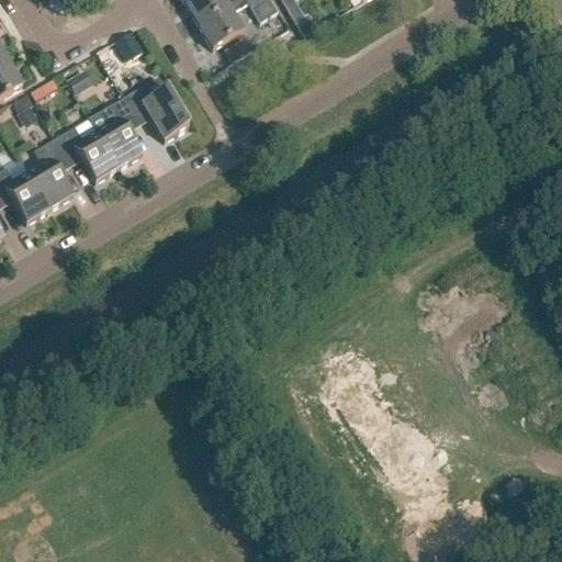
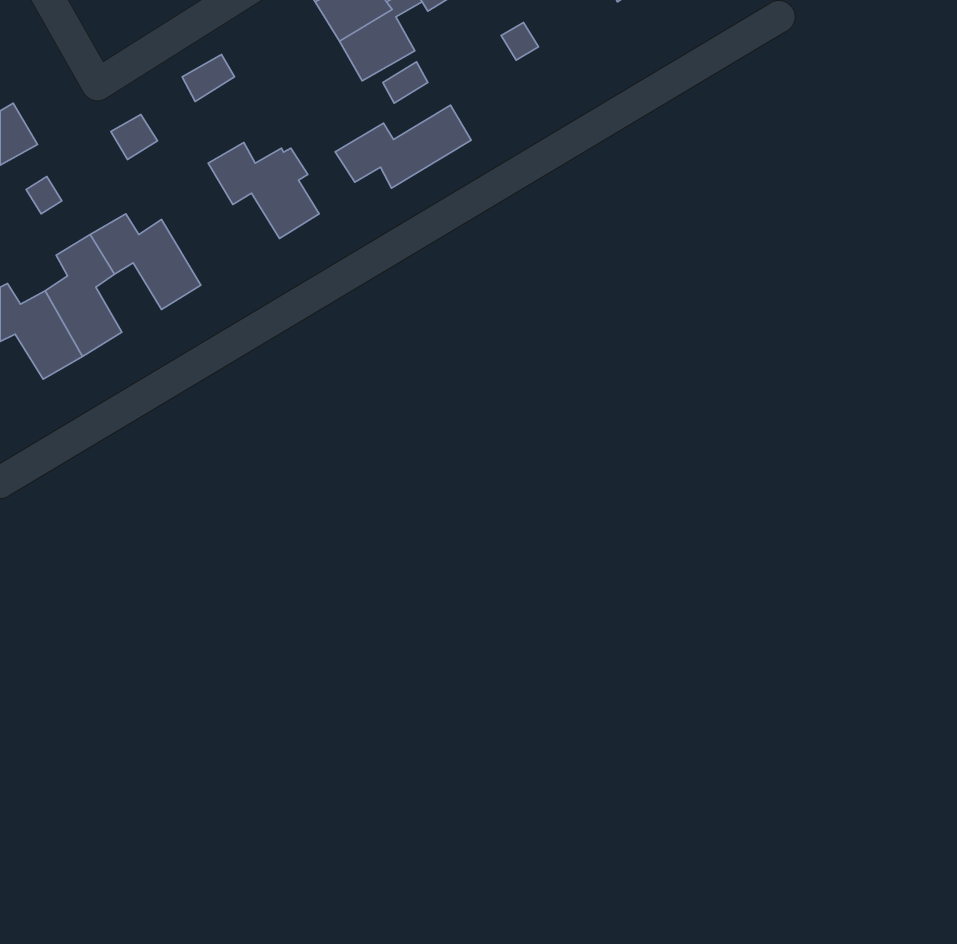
building: none -> [335,105,471,188]
building: [95,95,142,167] -> none

